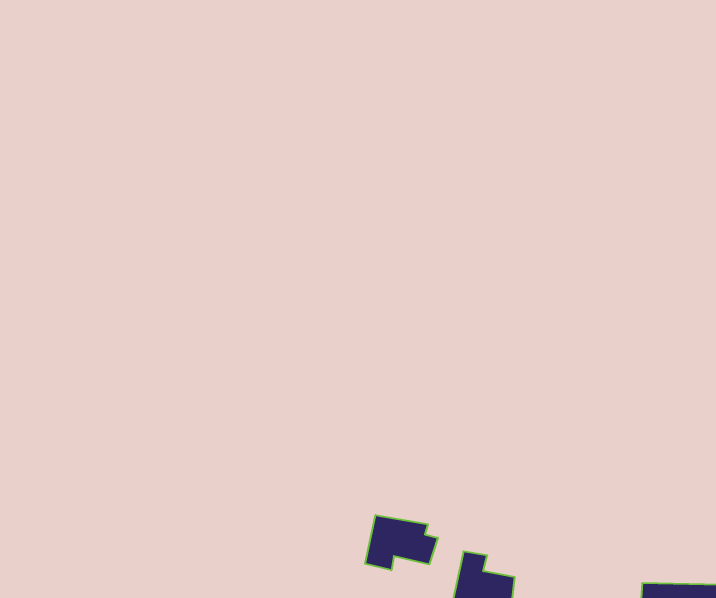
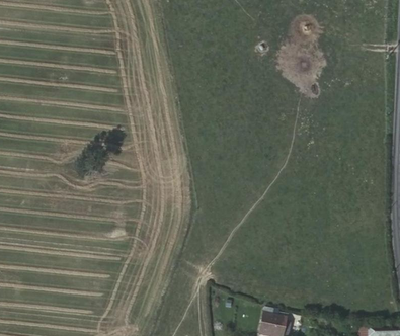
building: [365,515,438,570] -> none

